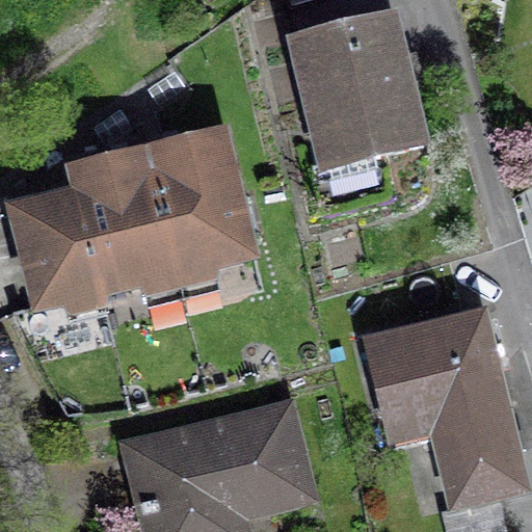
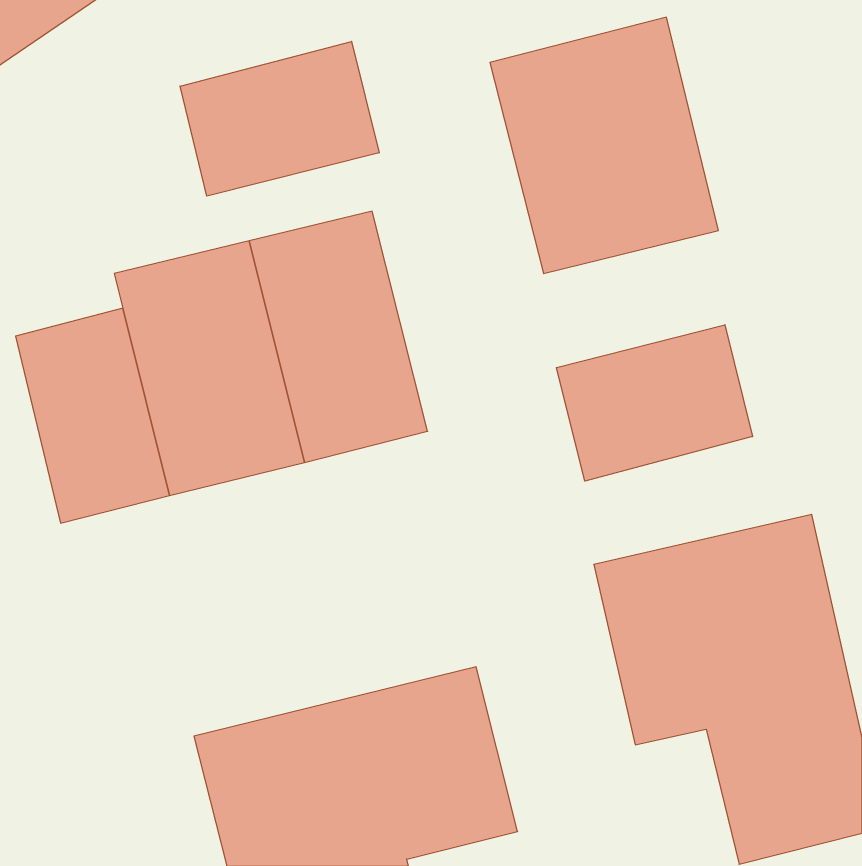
building: none -> [180,41,379,196]
building: none -> [556,325,753,481]

